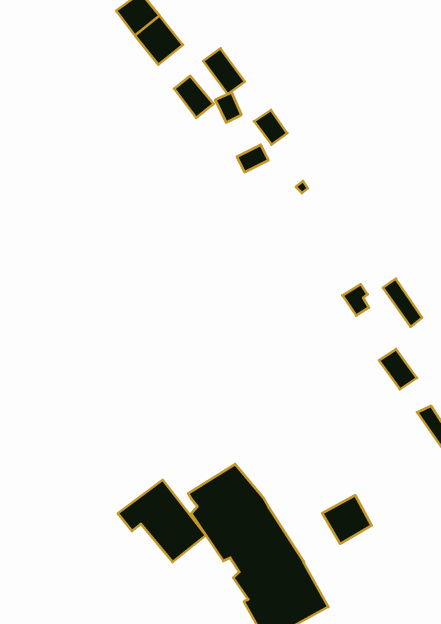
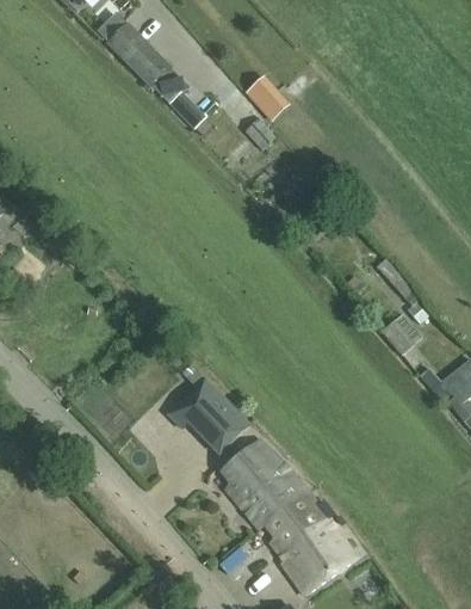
building: [203,48,245,94] -> [246,78,285,118]
building: [118,480,206,562] -> [167,377,248,450]
building: [322,495,372,544] -> none

